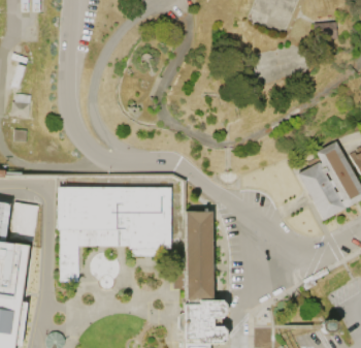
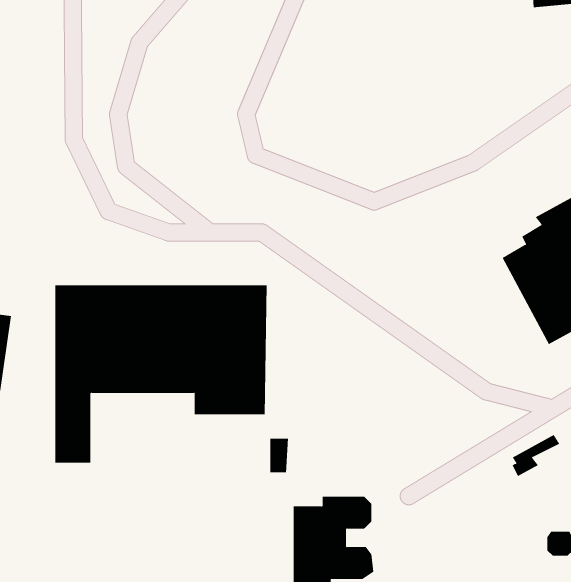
building: [187,213,216,306] -> none

